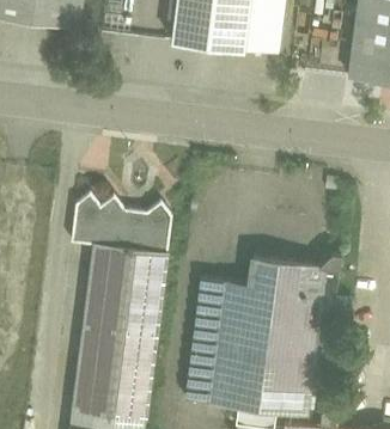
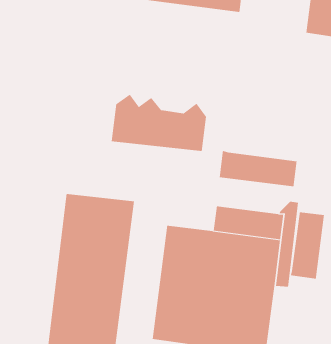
building: [69,195,171,256] -> [111,94,207,152]
building: none -> [219,150,297,187]
building: none -> [290,211,324,279]

